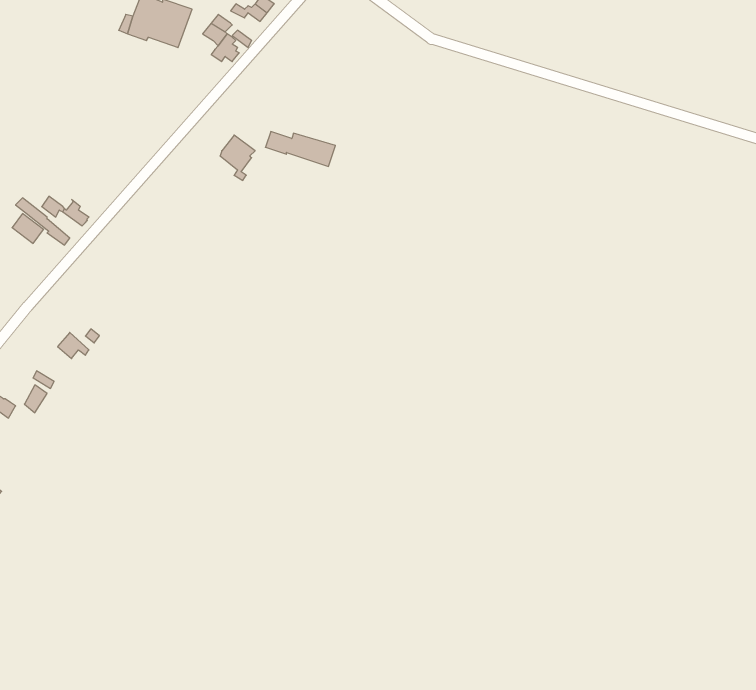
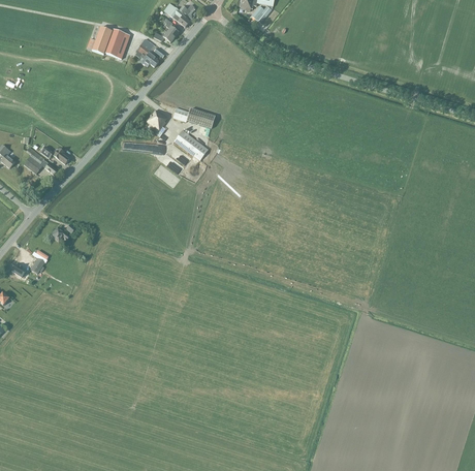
building: none -> [173,129,209,160]

